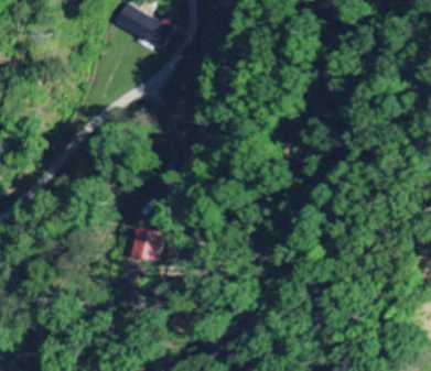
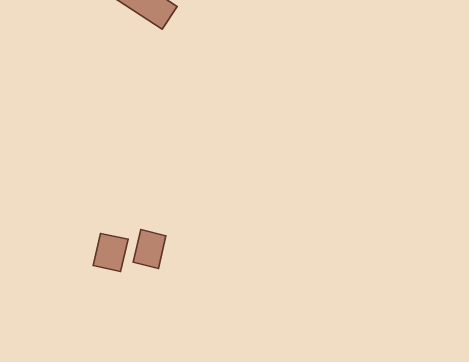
building: none -> [93,233,128,271]

